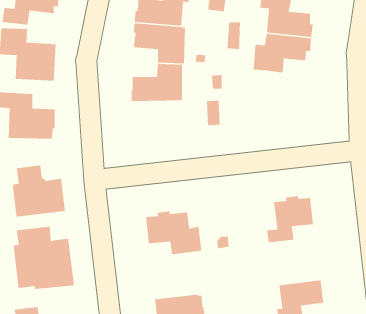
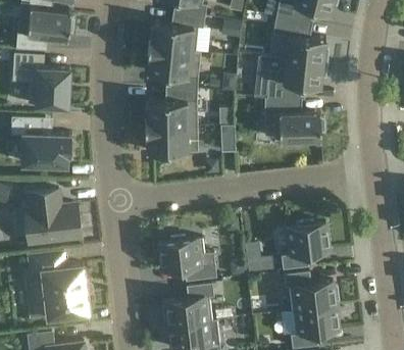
building: none -> [264,96,324,144]
building: none -> [145,127,198,153]
building: none -> [284,271,339,311]
building: none -> [163,283,214,326]

